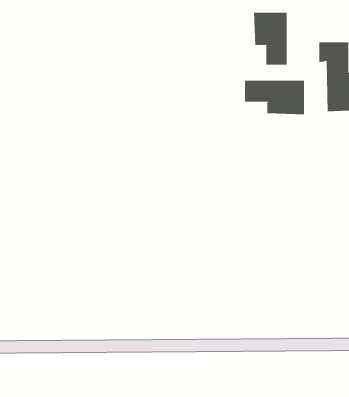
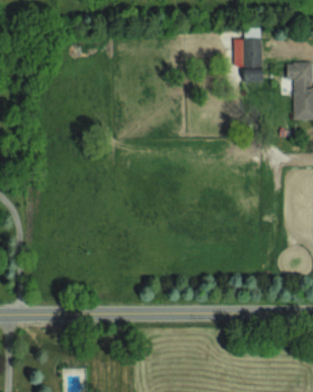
building: [244,80,305,115] -> none

